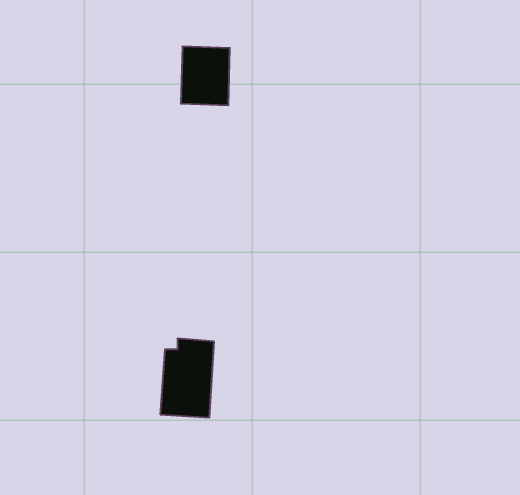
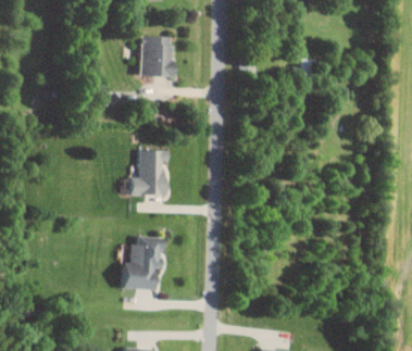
building: none -> [129,150,168,196]

